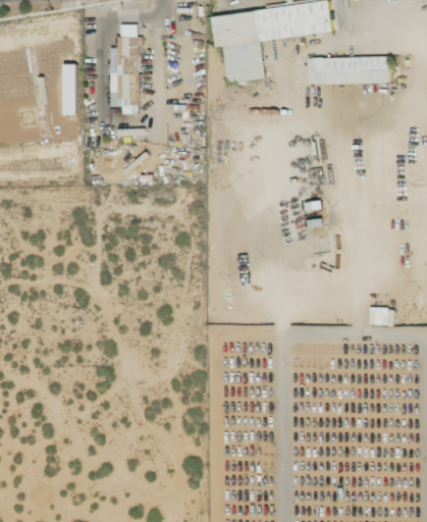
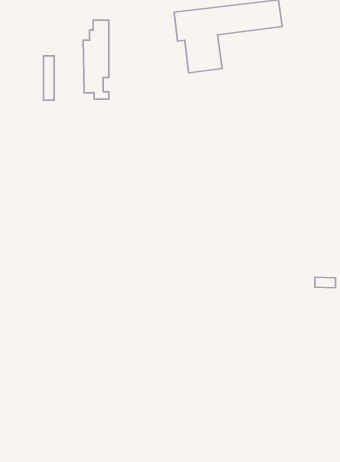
building: [308,56,389,85] -> none

